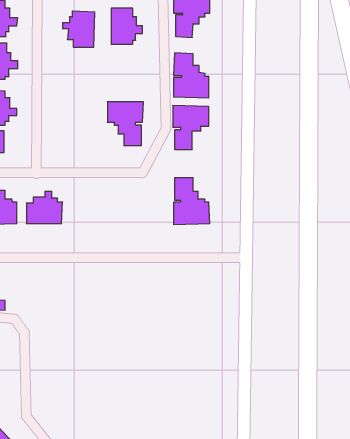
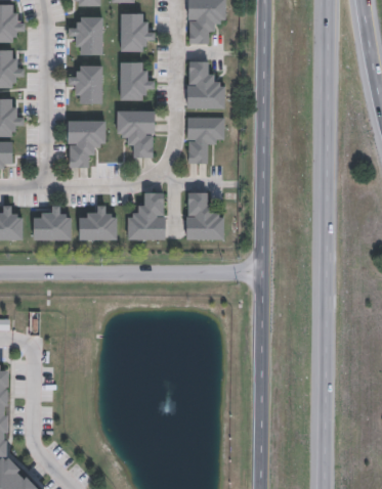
building: none -> [120,61,156,100]
building: none -> [67,65,103,103]
building: none -> [69,120,107,169]
building: none -> [127,192,165,239]
building: none -> [78,205,116,240]

